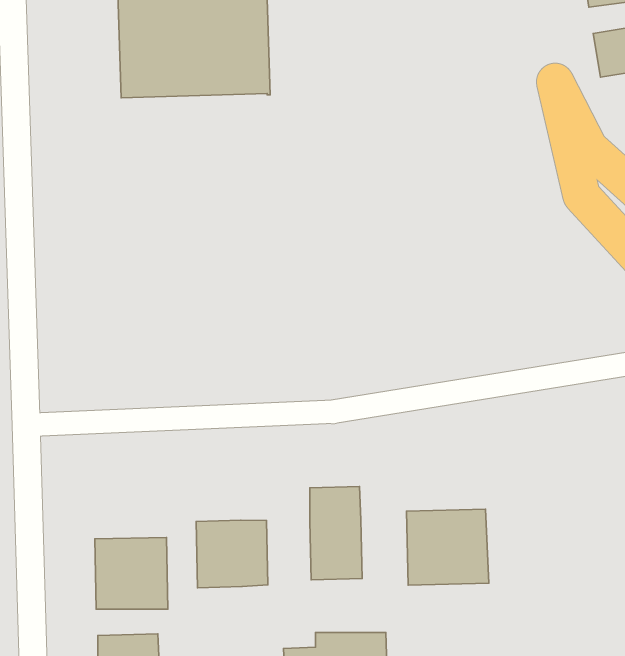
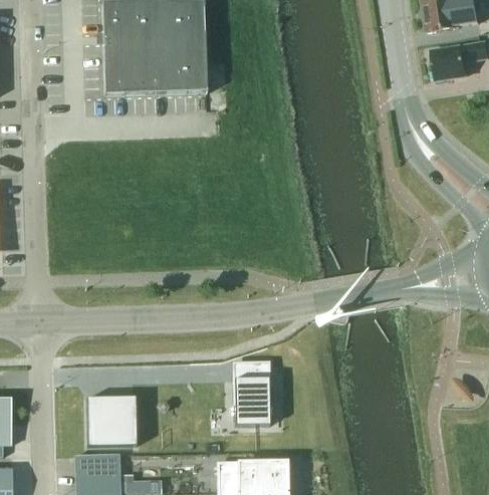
building: [406,509,489,585] -> none
building: [196,520,268,588] -> none

